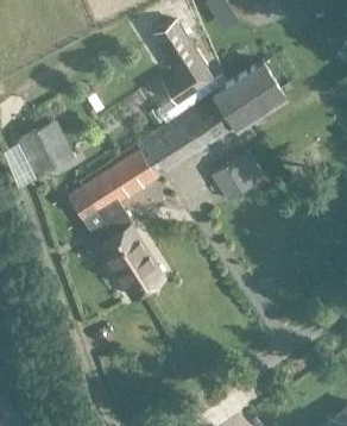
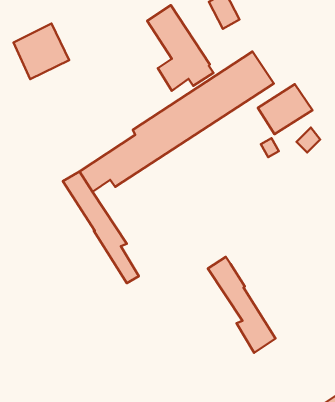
building: [17,121,72,177] -> [13,23,69,79]
building: [212,152,266,202] -> [258,84,313,134]
building: [96,195,164,292] -> [208,257,276,353]

